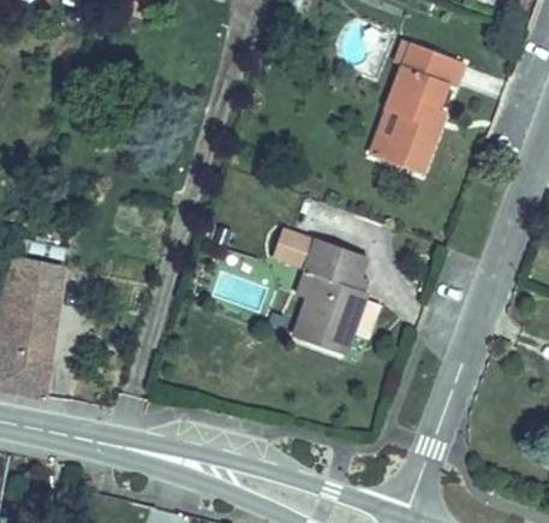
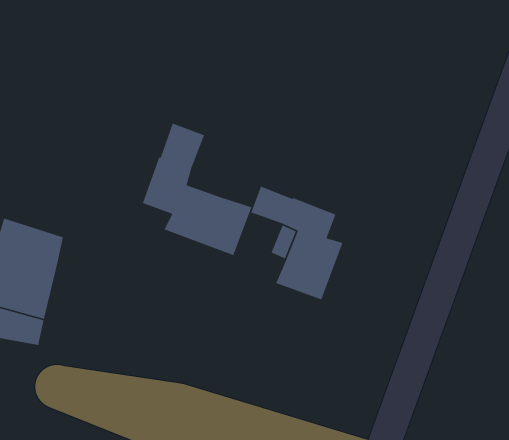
building: [381,40,460,170] -> none
building: none -> [142,123,252,256]

